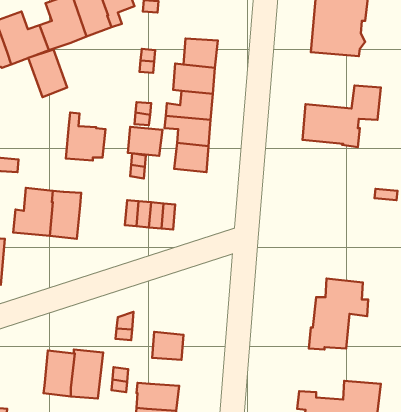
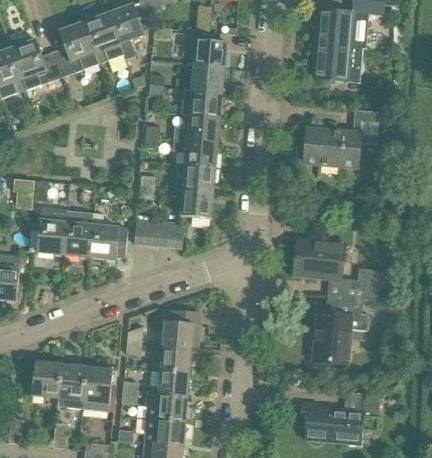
building: none -> [193,40,226,67]
building: [28,50,67,97] -> none
building: [66,113,106,160] -> [89,213,127,259]
building: [128,127,162,156] -> [180,190,213,218]
building: none -> [293,242,383,300]
building: none -> [163,310,200,349]
building: none -> [27,362,61,398]
building: none -> [159,371,189,398]

